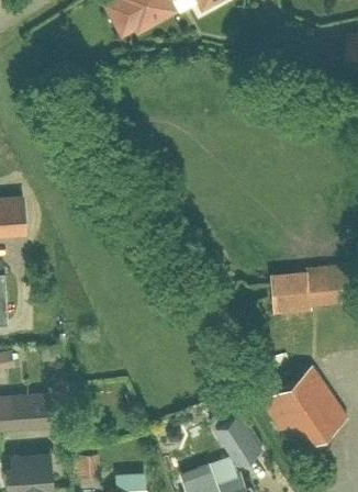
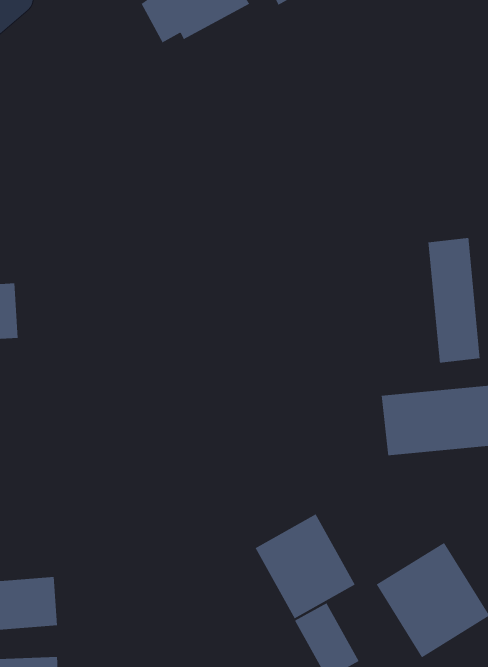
building: none -> [428,237,480,364]
building: none -> [255,514,355,619]

